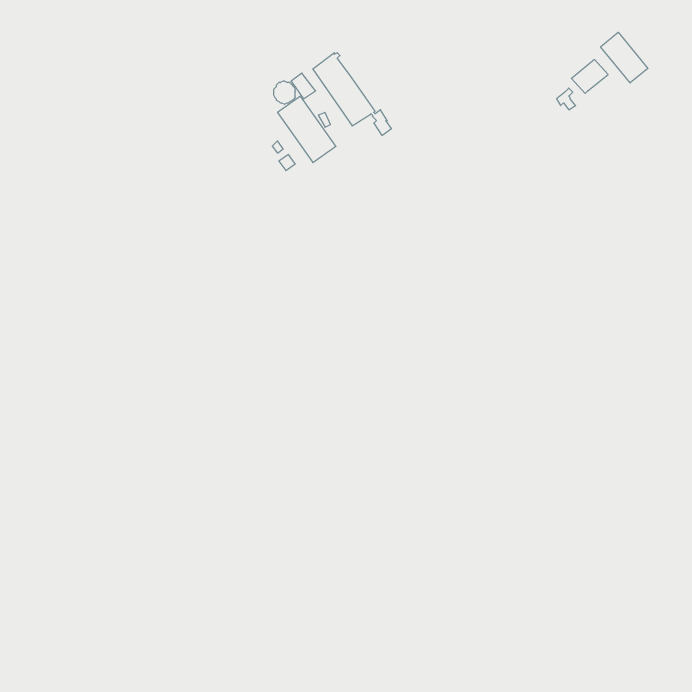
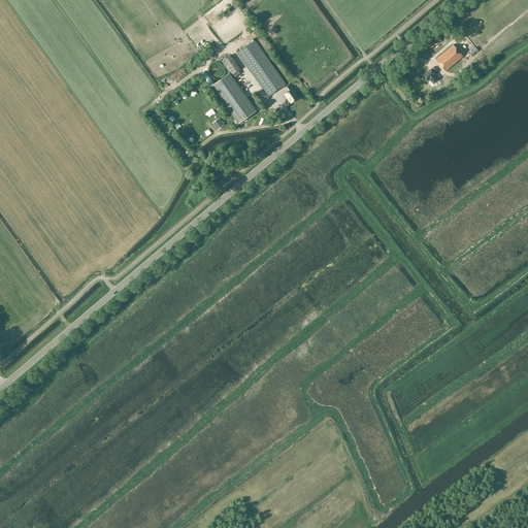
building: [601,32,648,83] -> none

